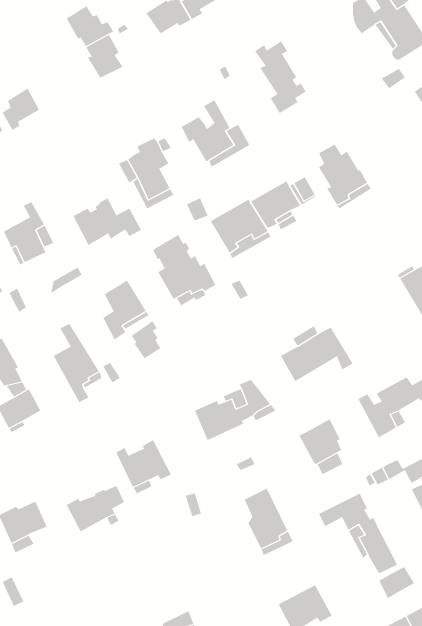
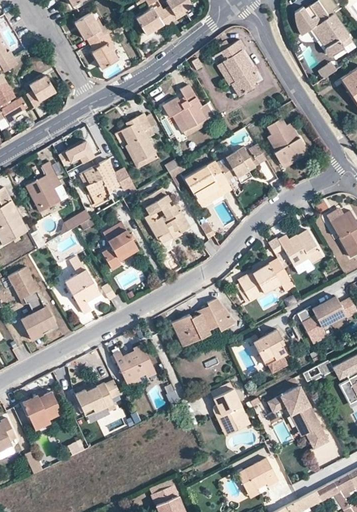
building: none -> [58,141,94,166]
building: none -> [270,229,322,265]
building: [131,320,161,359] -> none

